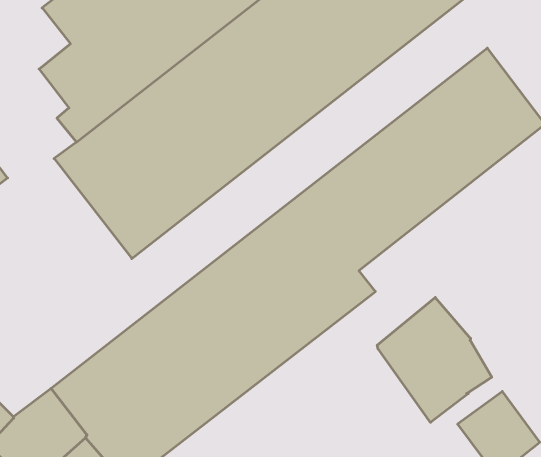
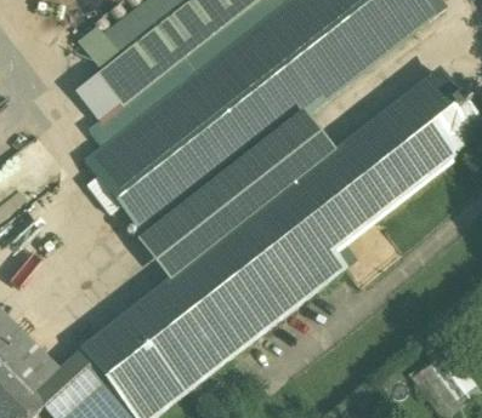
building: none -> [146,119,330,274]
building: [377,297,492,422] -> none

